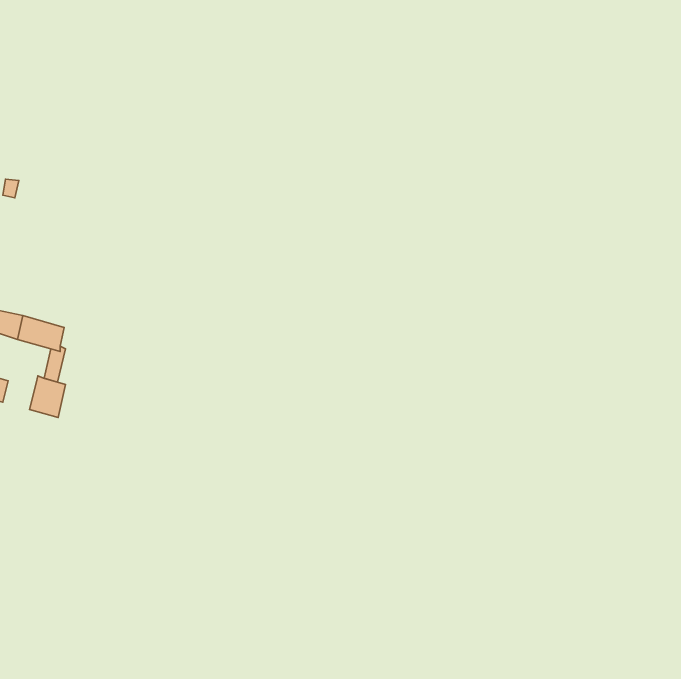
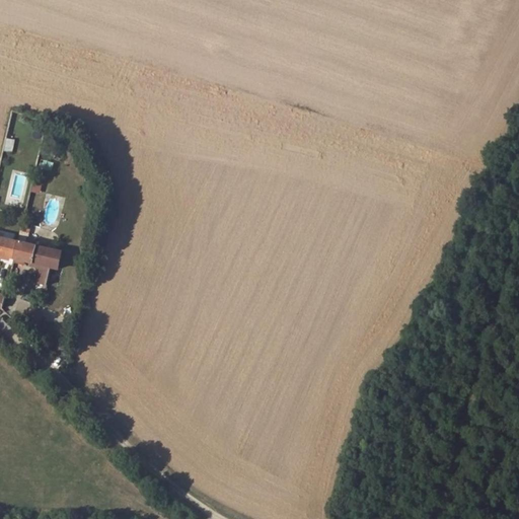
building: [30,376,66,418] -> none

